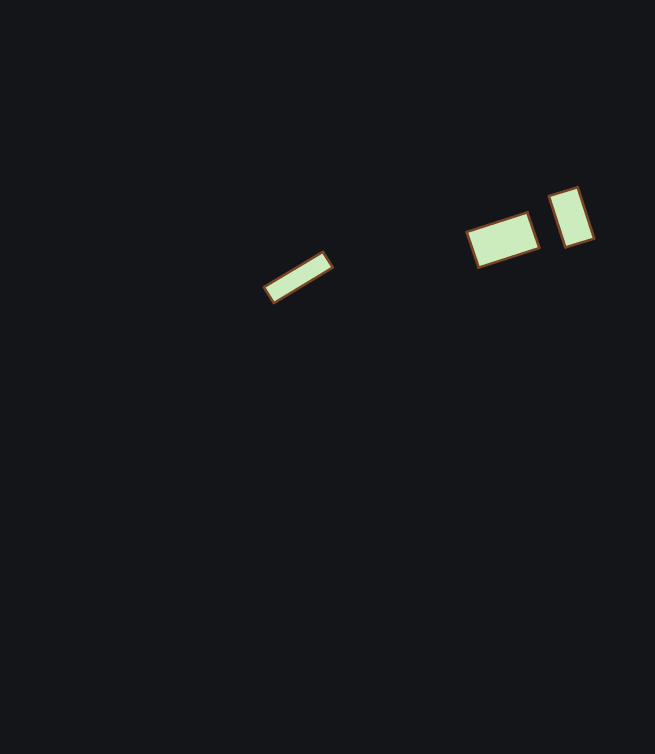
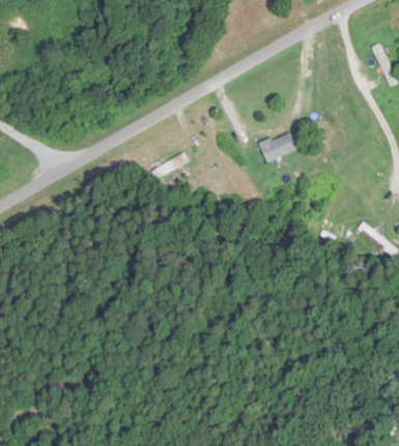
building: [549,187,594,248] -> none

